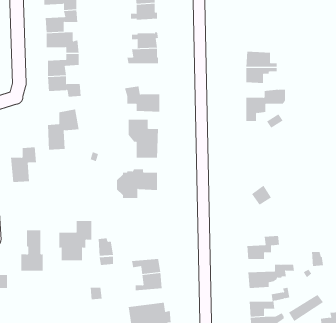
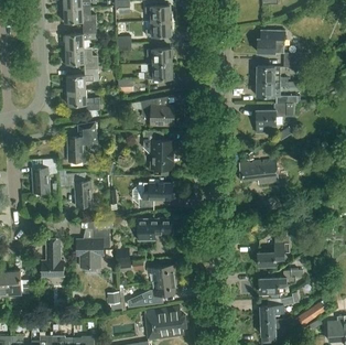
building: none -> [257,31,284,54]
building: none -> [238,161,278,185]
building: none -> [65,173,91,206]
building: none -> [138,218,171,241]

